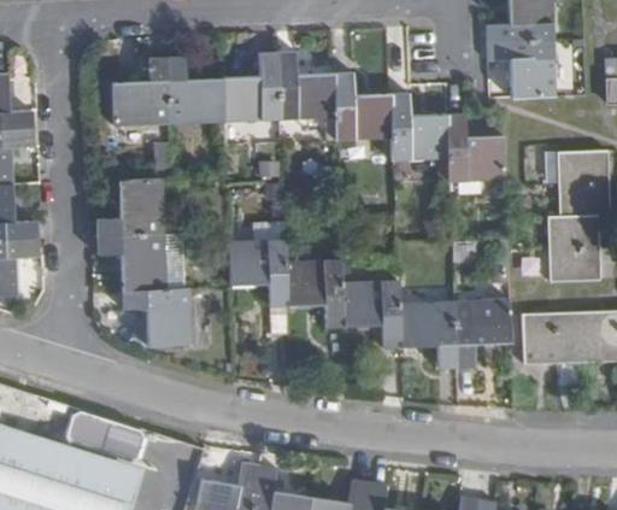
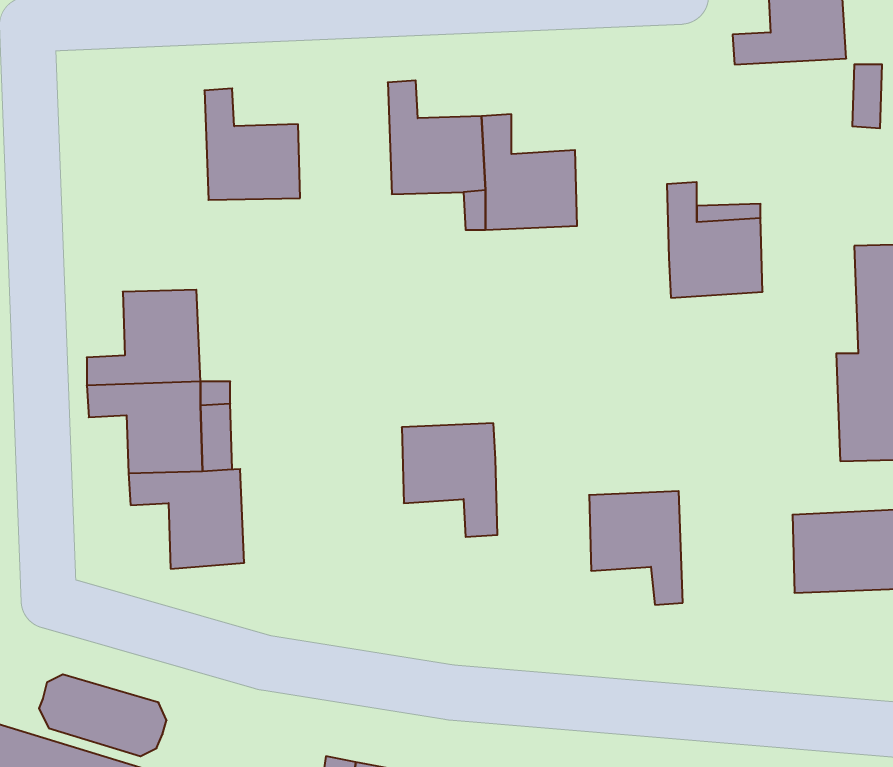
building: [487,39,557,98] -> none
building: [223,53,280,123] -> none
building: [111,58,169,127] -> none
building: [390,94,447,163] -> none
building: [229,239,287,307] -> none
building: [342,280,400,348] -> none
building: [453,298,511,368] -> none

